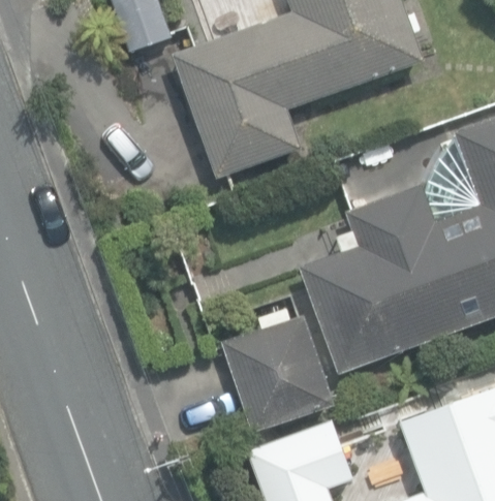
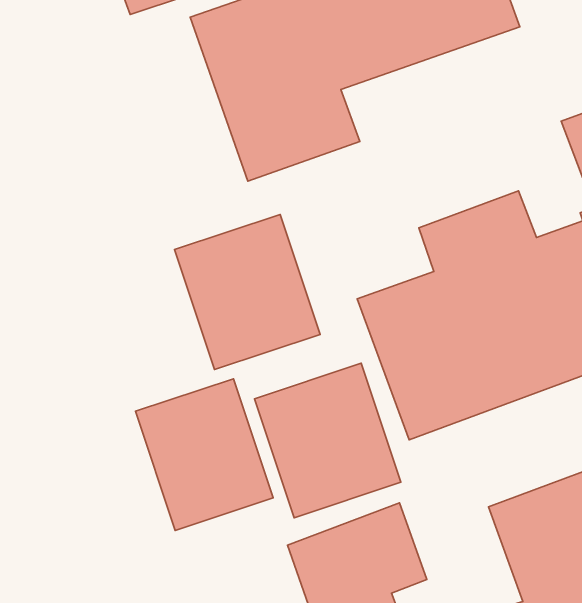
building: none -> [175,214,320,370]
building: none -> [136,379,273,530]

